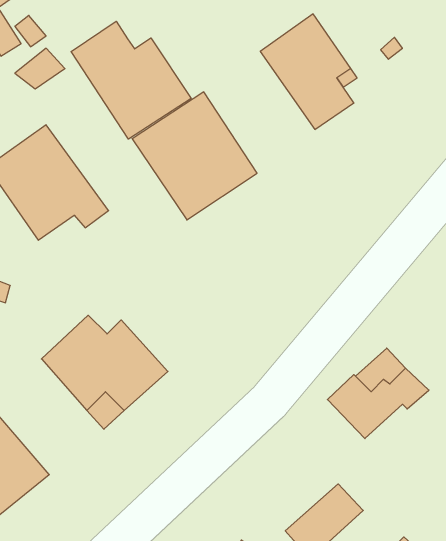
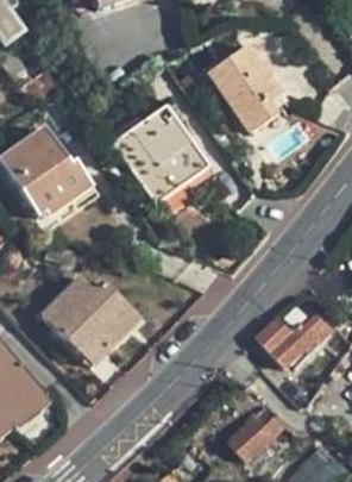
building: [71,21,191,139] -> none

